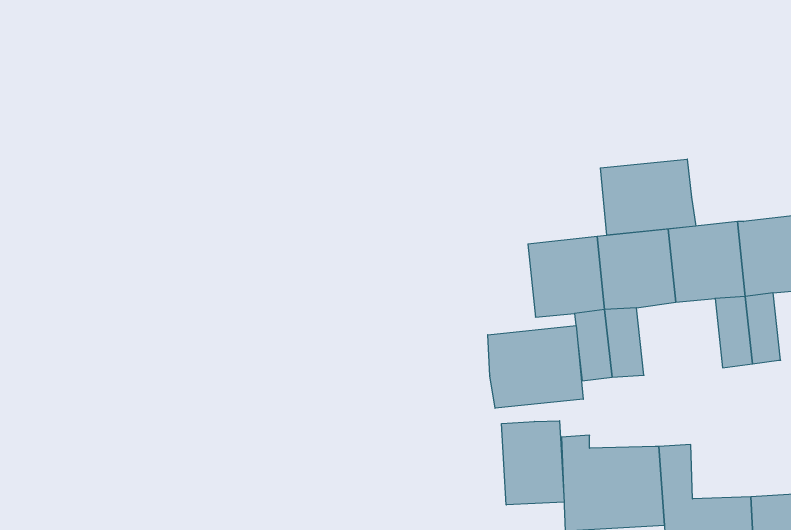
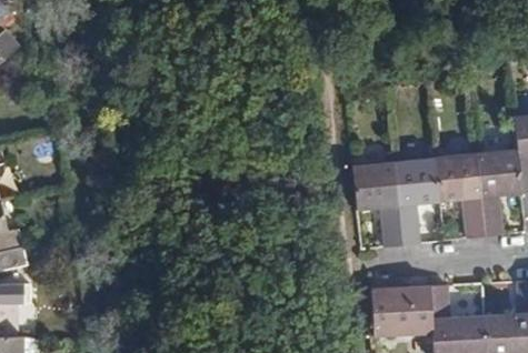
building: [600,159,696,235] -> none
building: [488,326,583,408] -> none
building: [502,421,564,505] -> none

